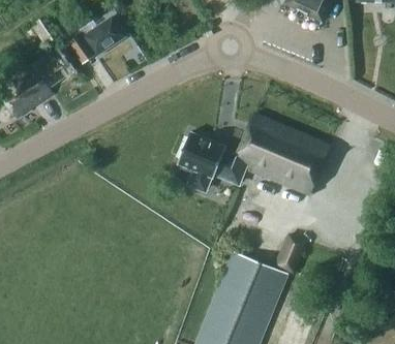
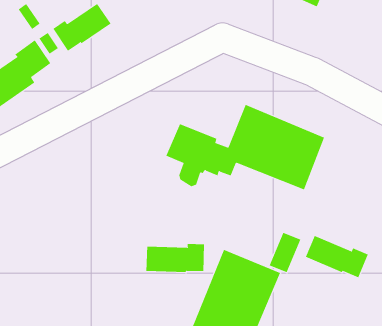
building: none -> [305,235,369,278]
building: none -> [146,243,205,273]

